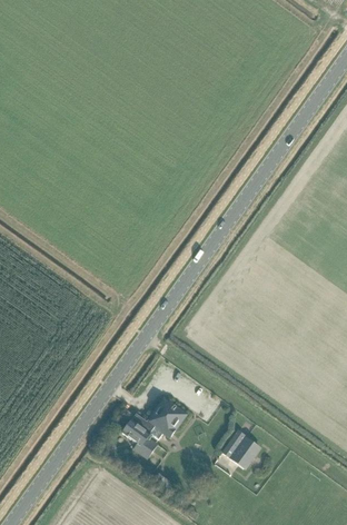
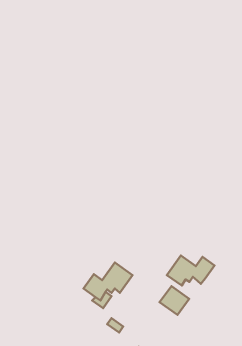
building: none -> [167,255,214,286]

